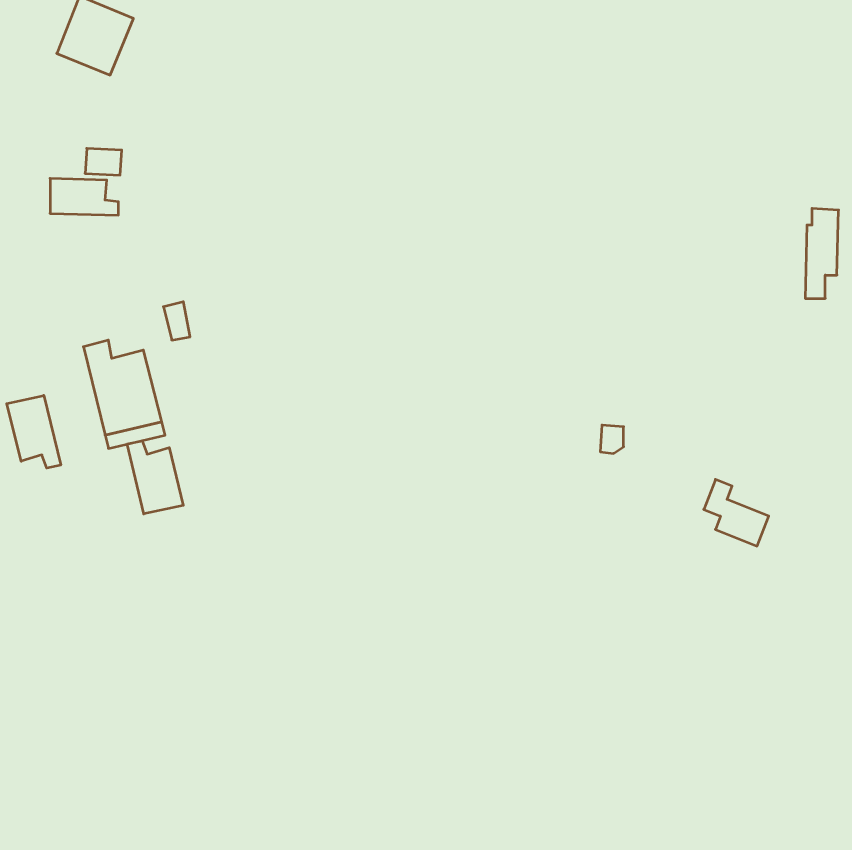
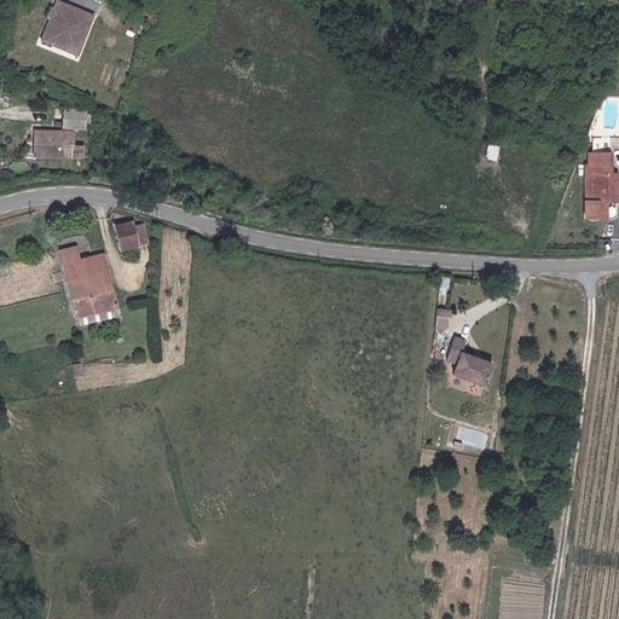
building: [7,395,61,468] -> none
building: [127,441,183,514] -> none
building: [704,479,769,546] -> [446,336,493,384]

